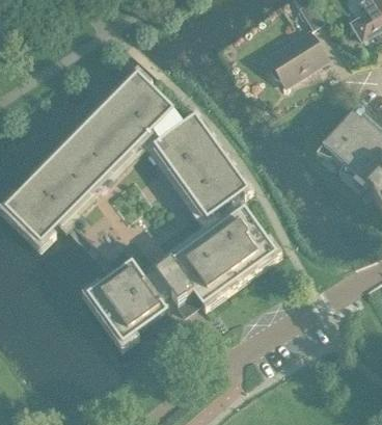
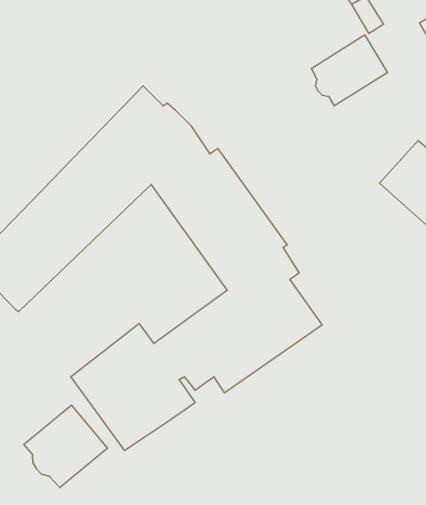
building: none -> [24,405,107,487]

